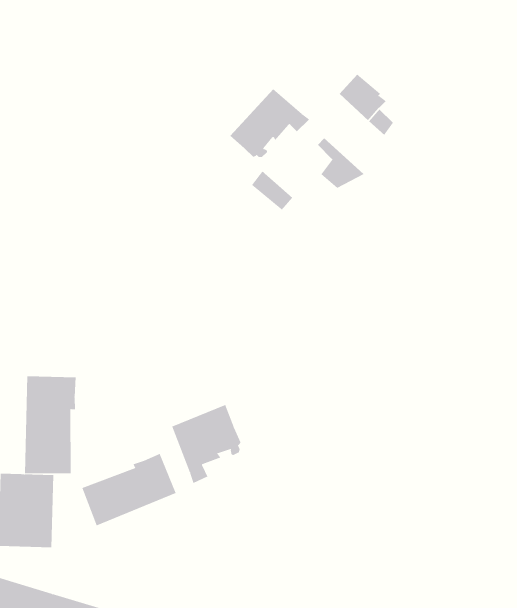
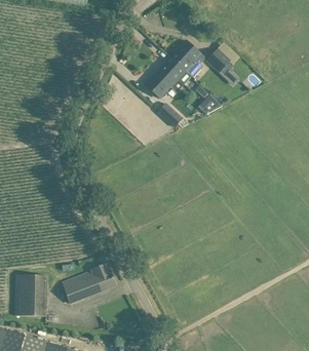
building: none -> [170,40,205,77]
building: [24,376,76,474] -> none
building: [172,404,241,484] -> none

